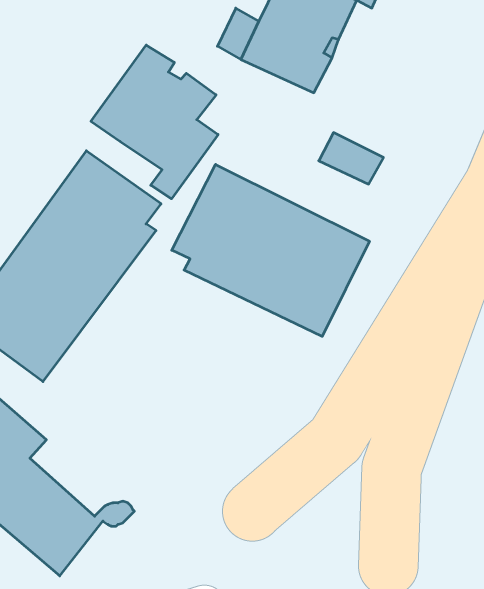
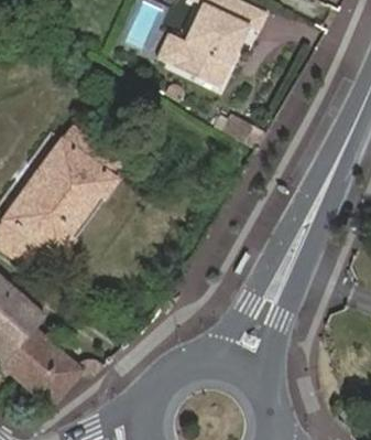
building: [91,45,218,199] -> none
building: [172,164,369,336] -> none

